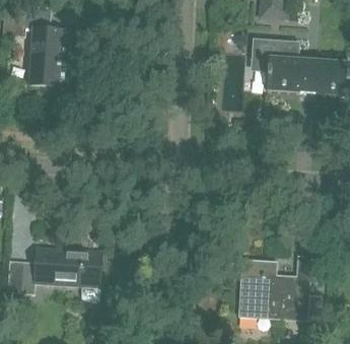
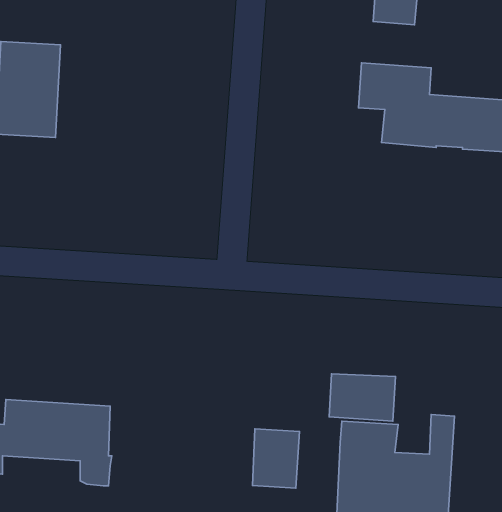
building: none -> [329,374,395,421]
building: none -> [253,429,300,488]

